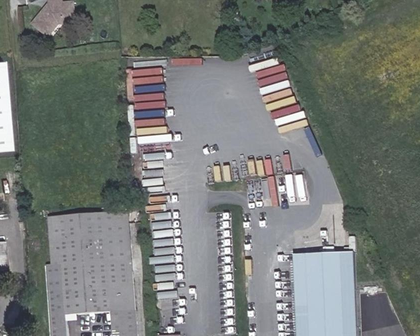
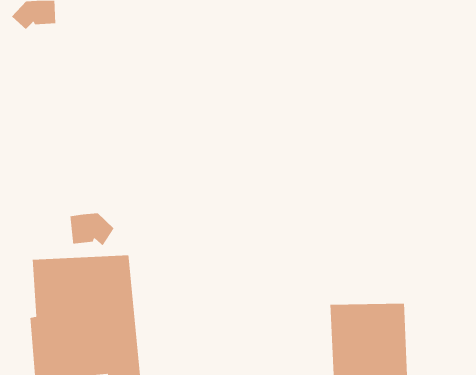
building: none -> [69,212,114,247]

